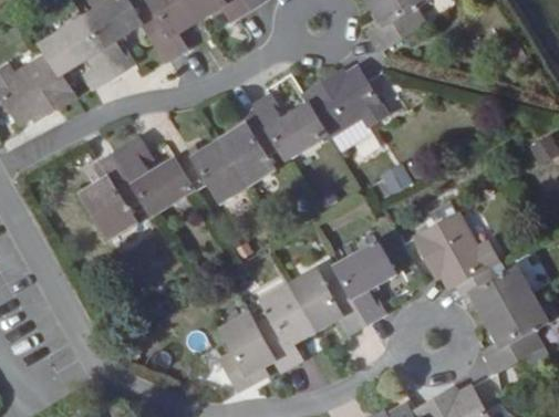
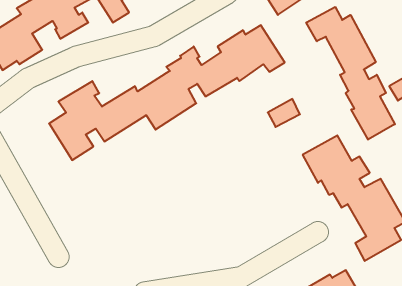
building: none -> [306,7,395,140]
building: [215,242,396,386] -> none

